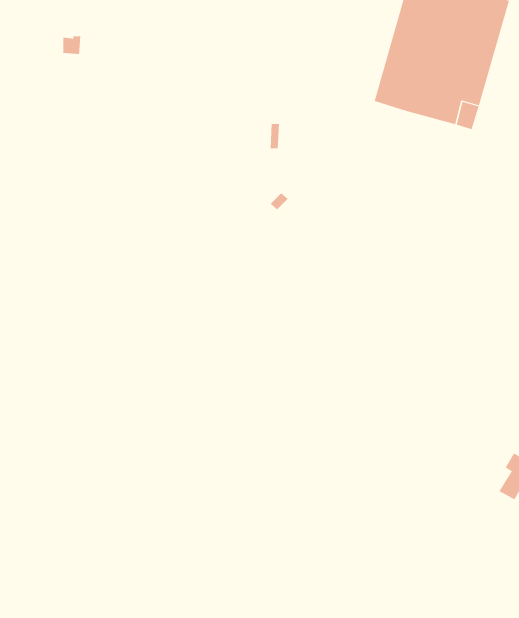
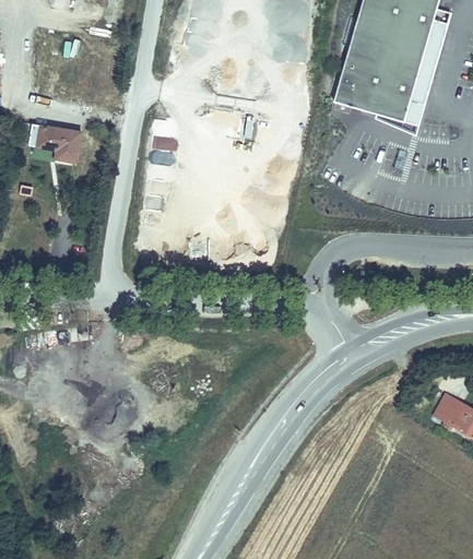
building: none -> [37,130,82,165]

